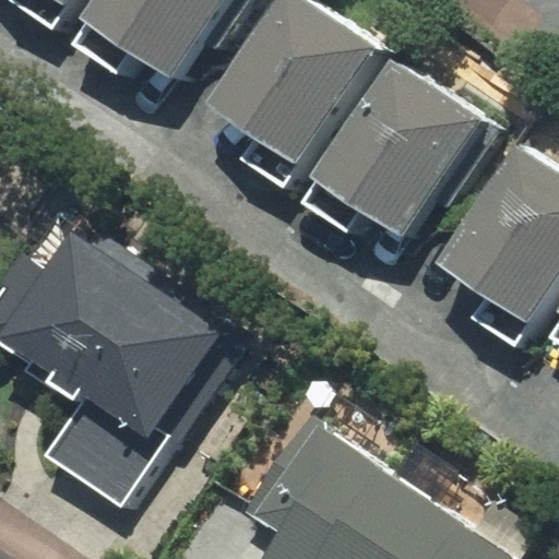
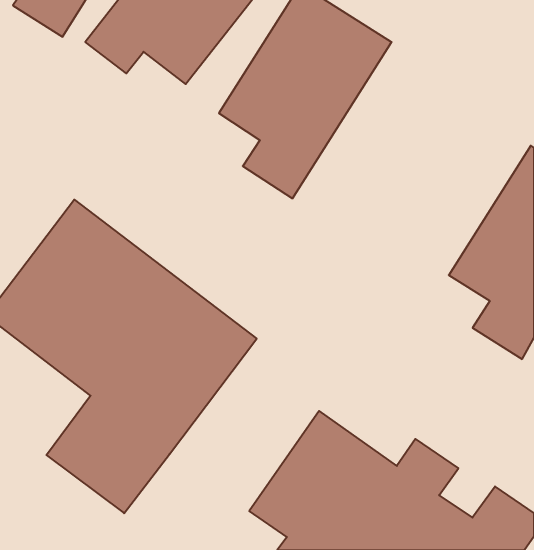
building: [317,66,503,248] -> none

